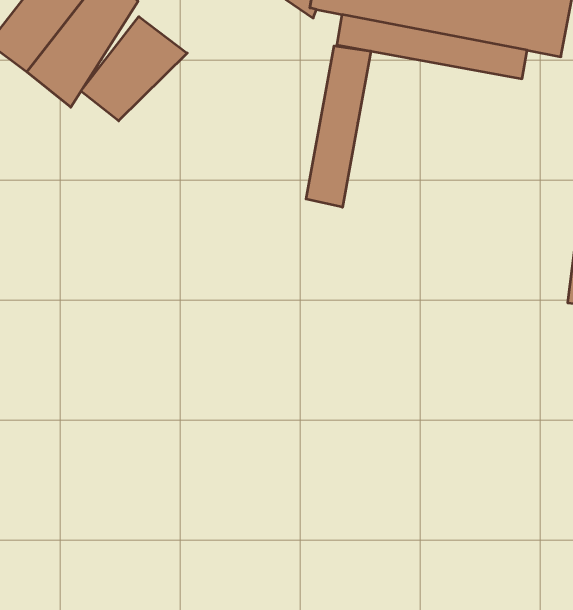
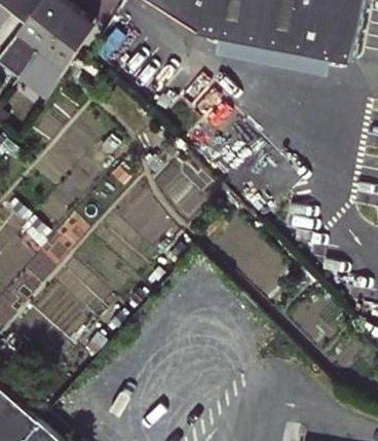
building: [81,17,187,121] -> none
building: [306,46,371,207] -> none

